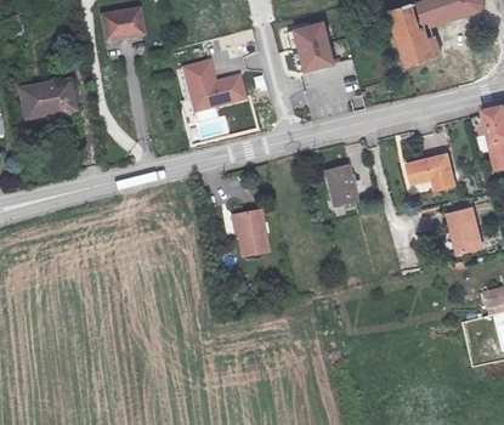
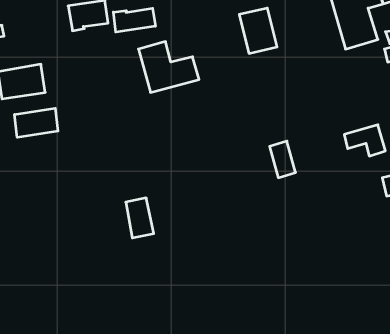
building: none -> [113,8,155,32]
building: none -> [15,108,58,137]
building: [236,210,267,255] -> [126,198,154,238]

